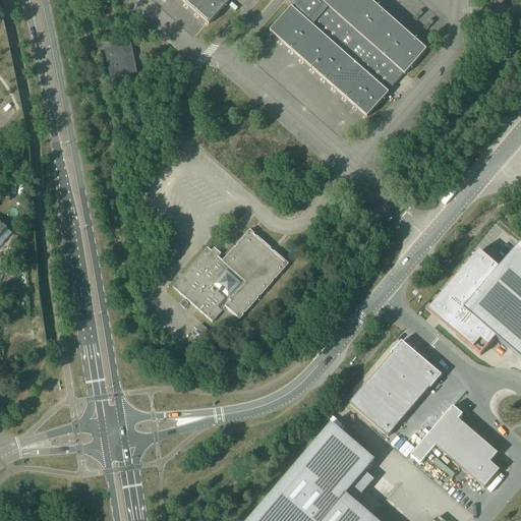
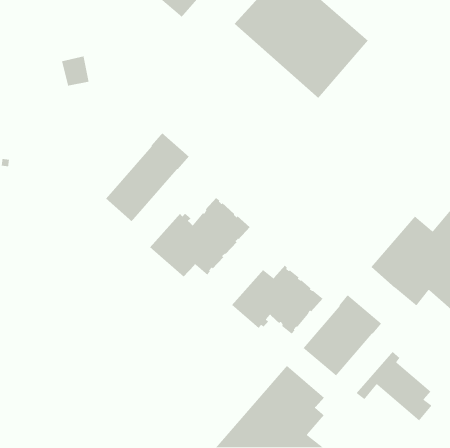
building: [105,40,137,75] -> [61,56,89,86]
building: none -> [105,132,190,222]
building: none -> [231,265,323,334]

